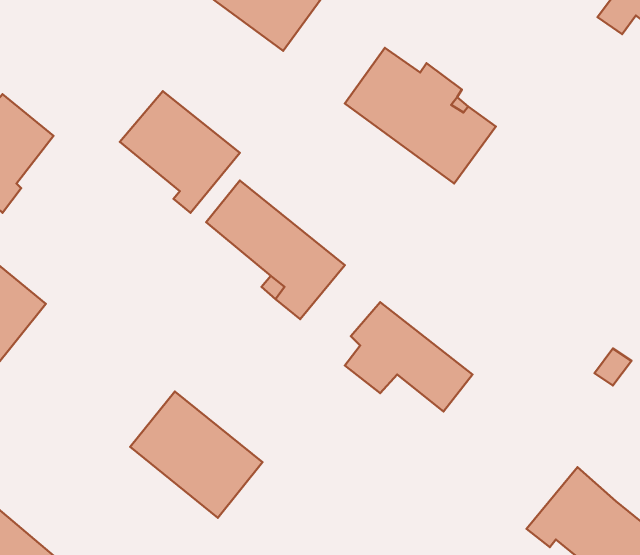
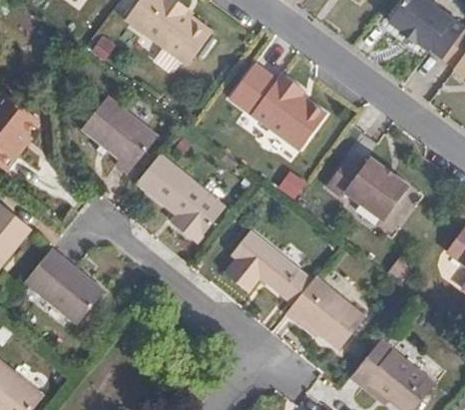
building: none -> [326,156,409,222]
building: none -> [281,274,366,350]
building: [130,391,263,518] -> [20,245,106,327]

